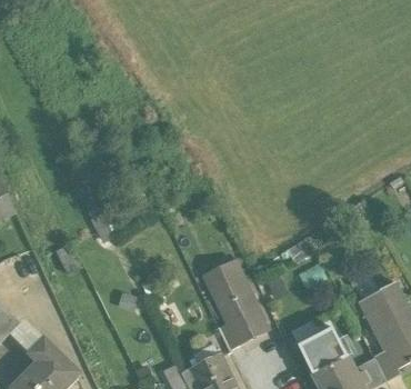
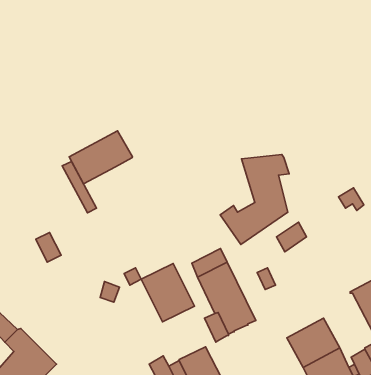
building: none -> [69,131,132,184]
building: none -> [220,154,289,245]
building: none -> [141,264,195,322]

